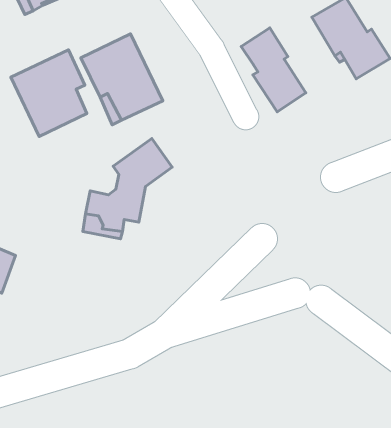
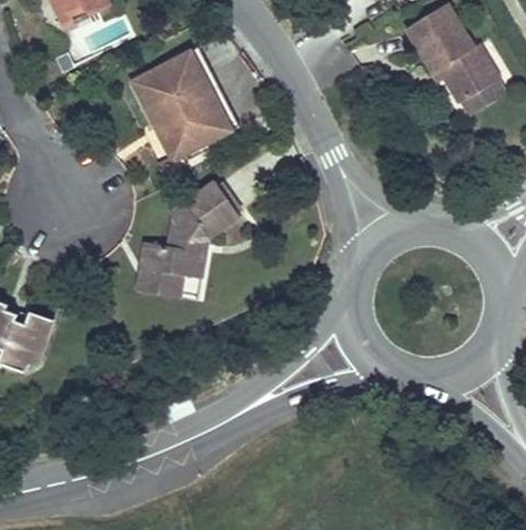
building: [241,28,306,112] -> none
building: [11,50,87,137] -> none

